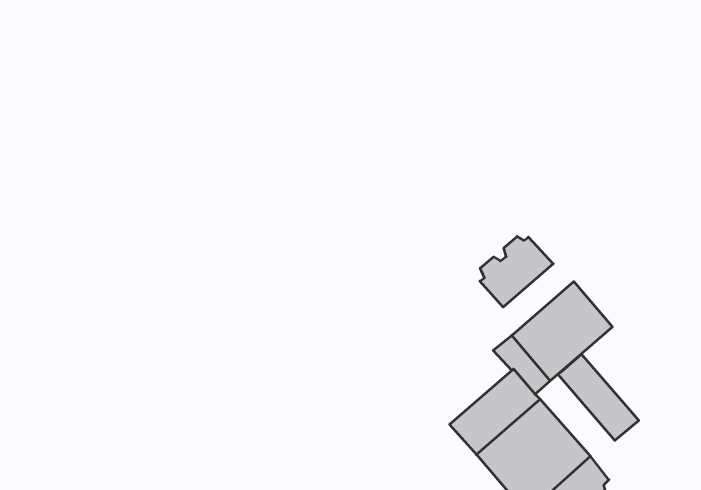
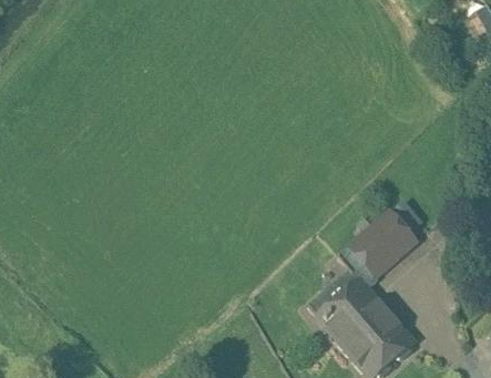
building: [480,236,553,307] -> none
building: [558,354,639,440] -> none

